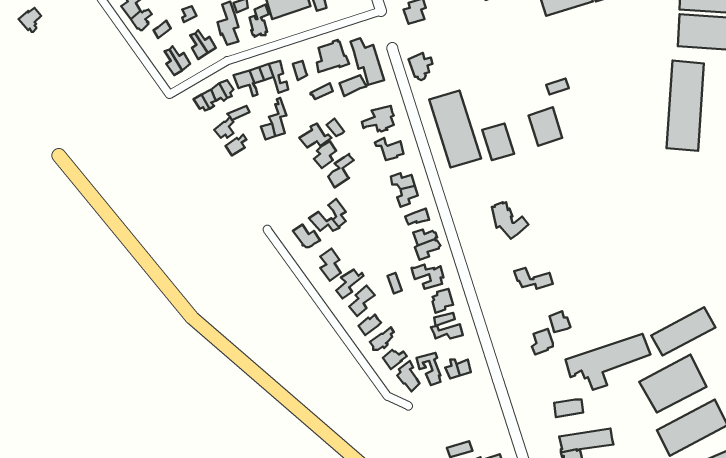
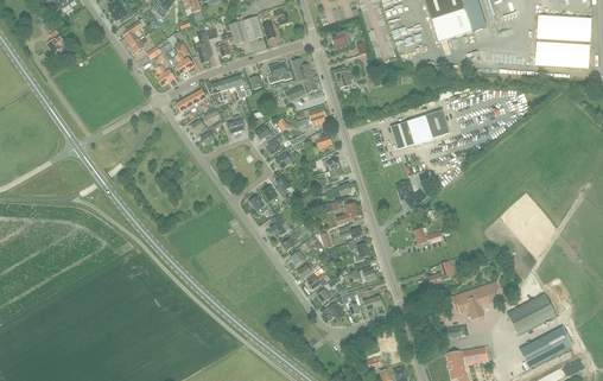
building: [667,61,704,151] -> none
building: [429,91,481,168] -> none
building: [651,307,715,355] -> none

